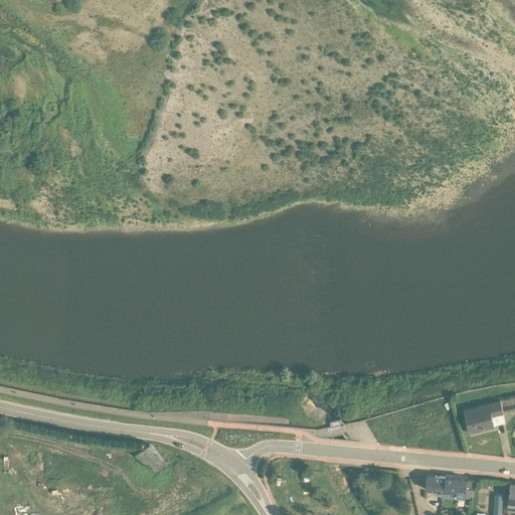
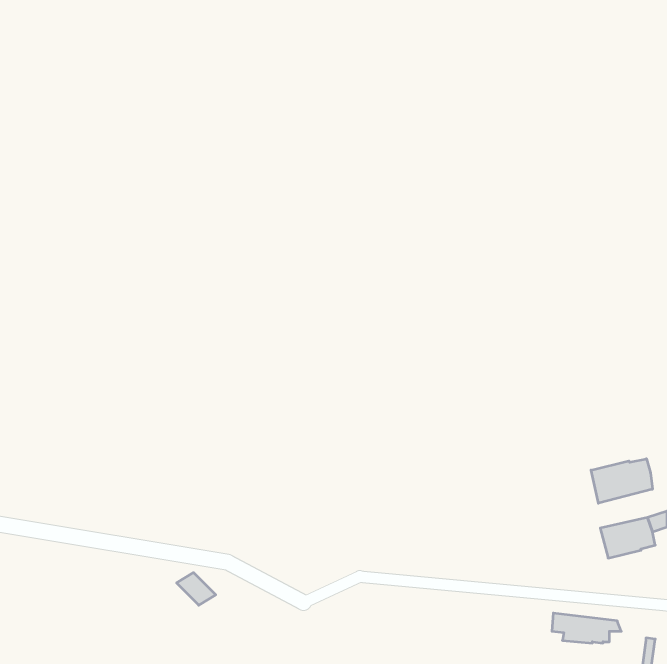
building: none -> [591,459,652,503]

